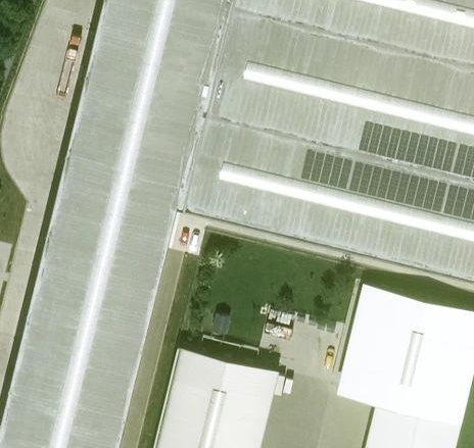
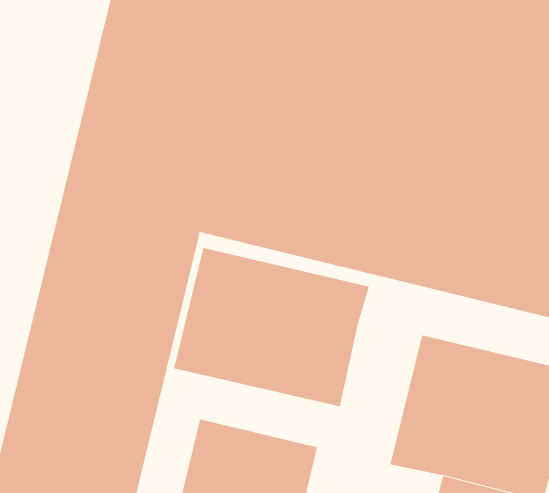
building: none -> [174,247,369,407]

